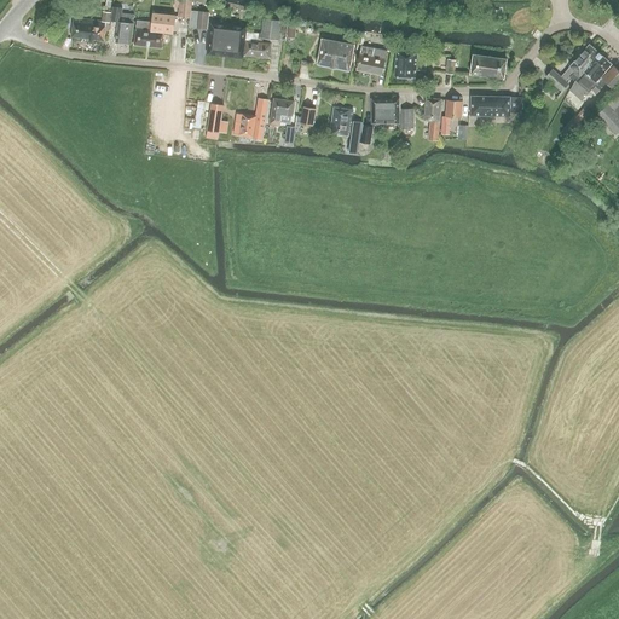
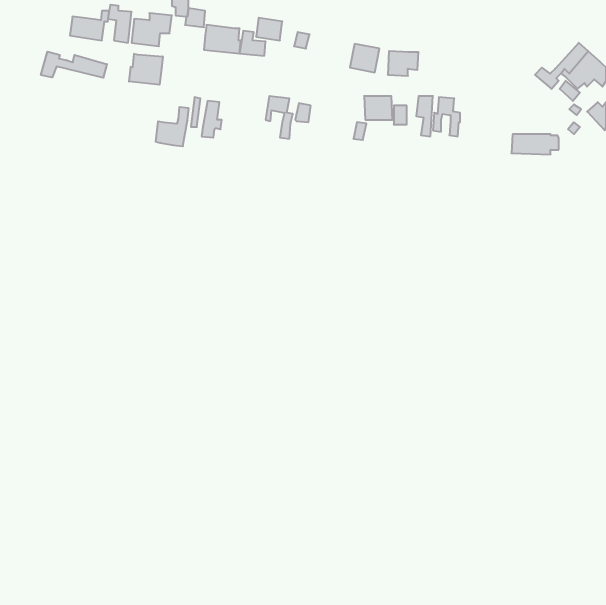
building: [318,39,354,69] -> none
building: none -> [41,52,107,78]
building: [470,54,507,79] -> none
building: none -> [129,54,163,85]
building: [470,96,519,116] -> [511,134,559,154]
building: [235,98,268,138] -> [156,107,189,146]
building: [330,106,361,152] -> none

